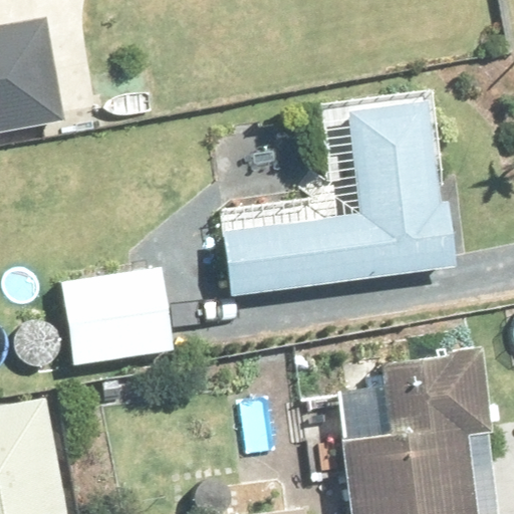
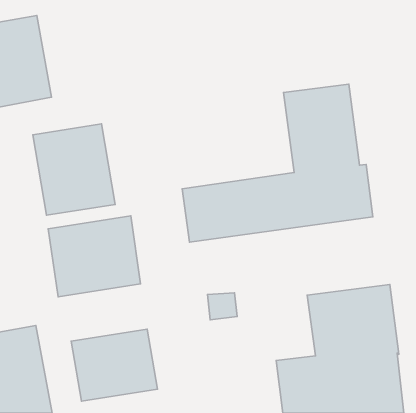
building: none -> [33,124,115,215]
building: none -> [71,329,158,401]

